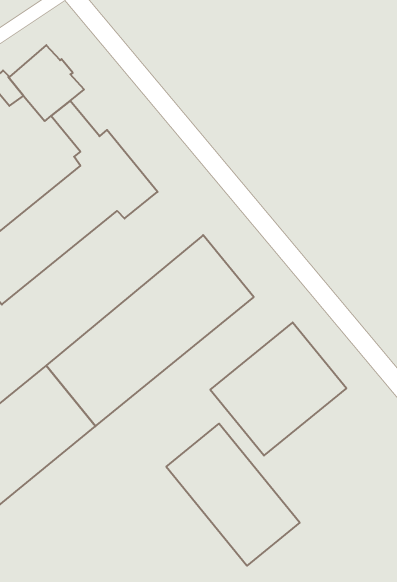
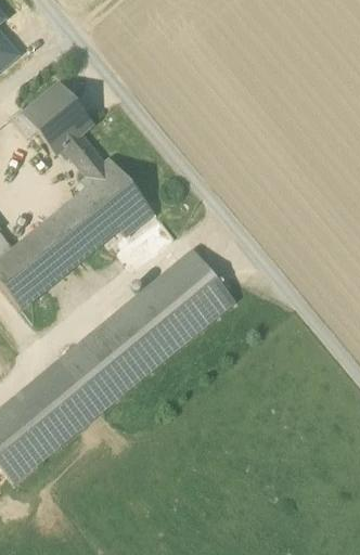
building: [210,322,346,456] -> none
building: [166,424,300,566] -> none

